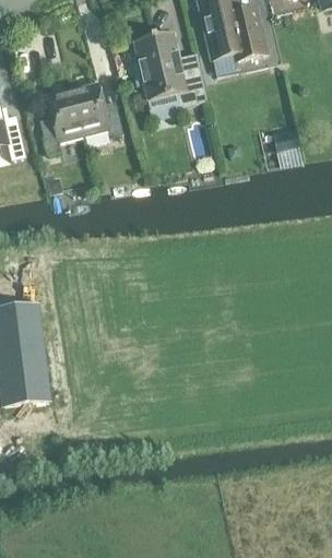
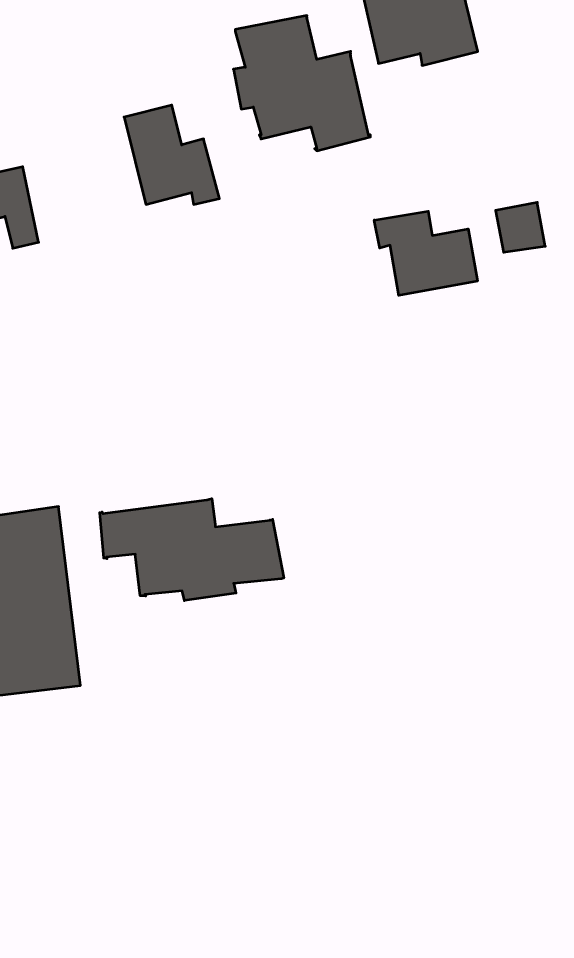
building: [39,88,84,154] -> none
building: none -> [374,211,477,295]
building: none -> [100,499,284,601]

